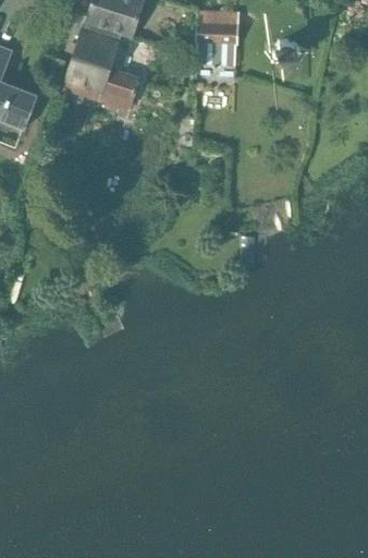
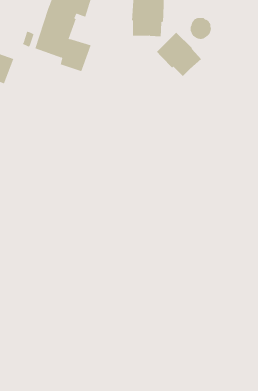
building: none -> [156,32,202,77]

